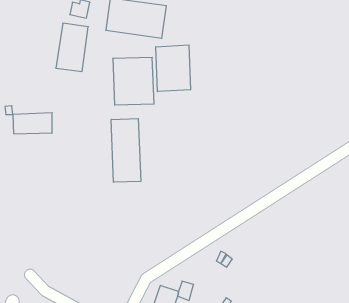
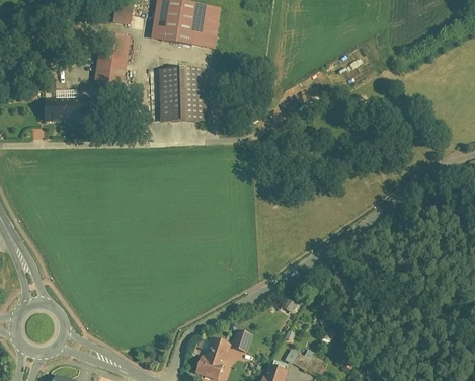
building: [156,45,191,92] -> none
building: [13,113,52,134] -> [43,96,88,121]
building: [111,119,141,182] -> none

